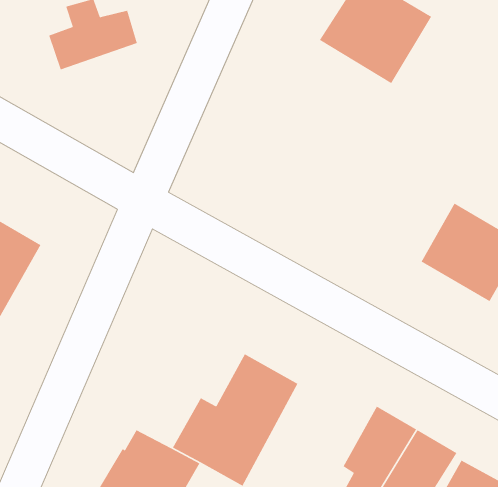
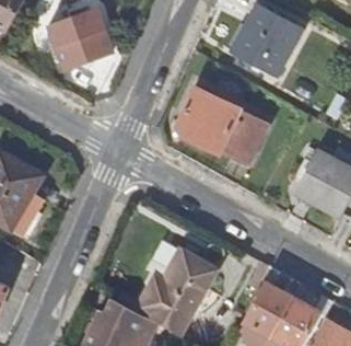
building: none -> [175,83,271,172]

